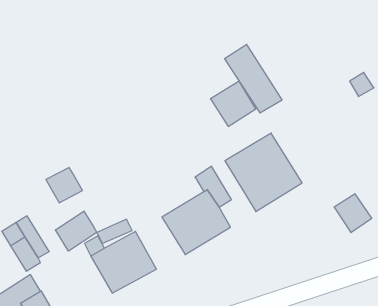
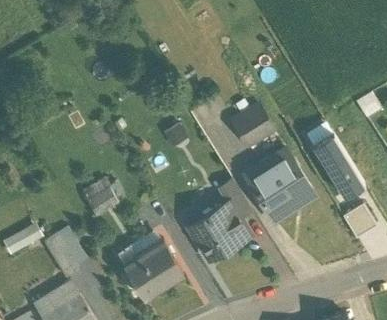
building: [225,44,282,113] -> [313,133,365,195]
building: [55,211,97,251] -> none

